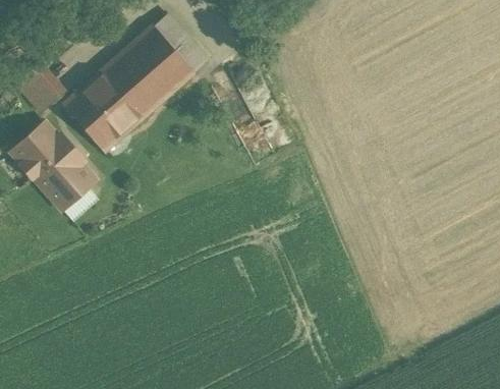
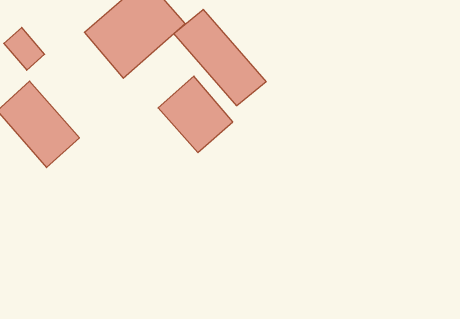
building: none -> [174,9,266,106]
building: [64,71,141,150] -> [158,76,233,153]

